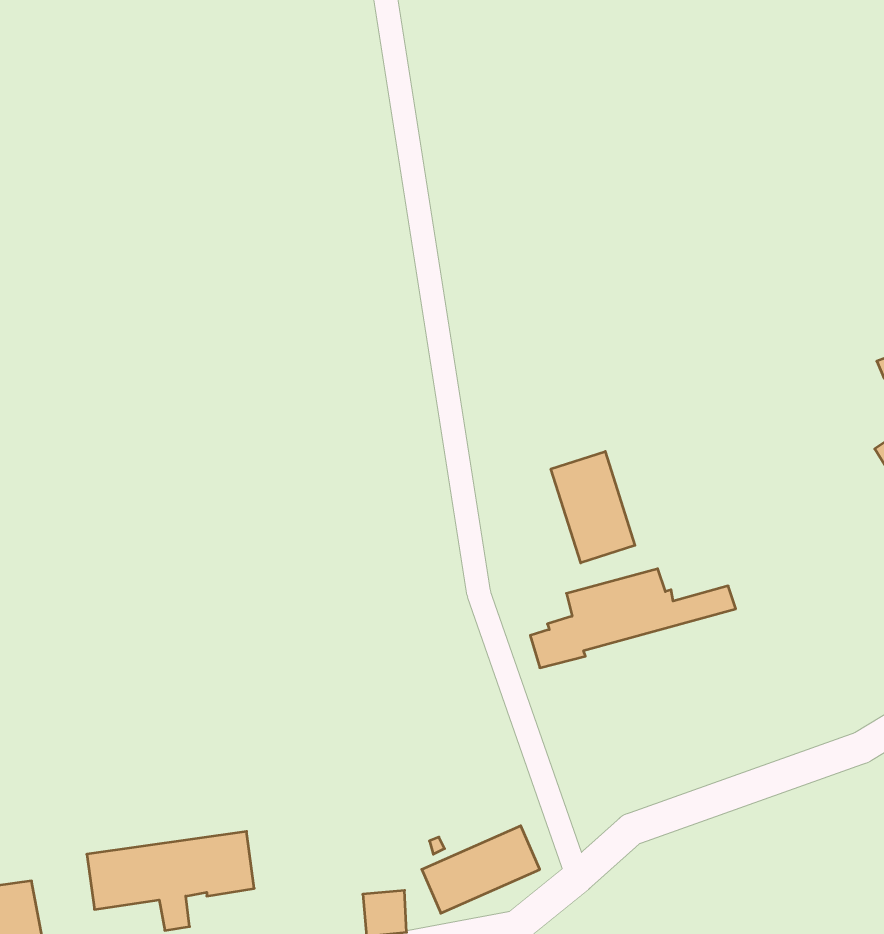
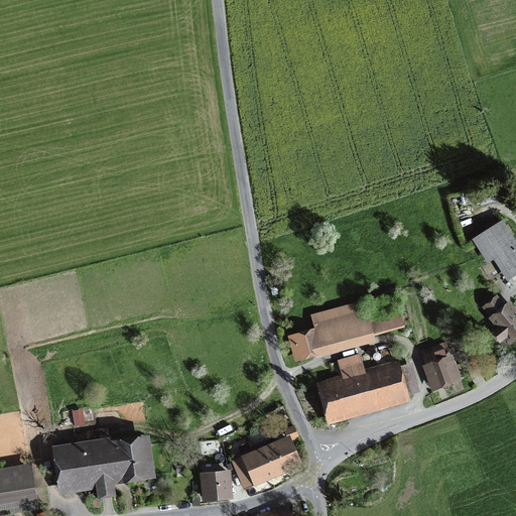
building: [551,451,635,563] -> none
building: none -> [422,342,458,386]
building: none -> [320,355,406,416]

